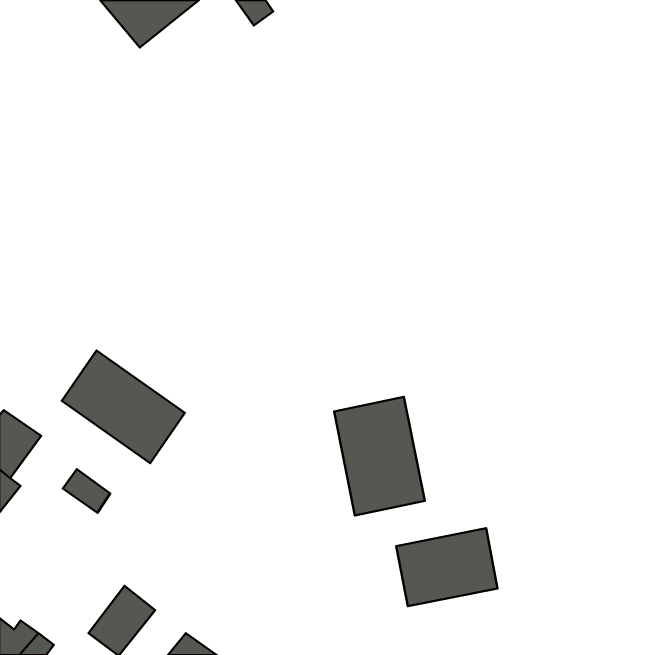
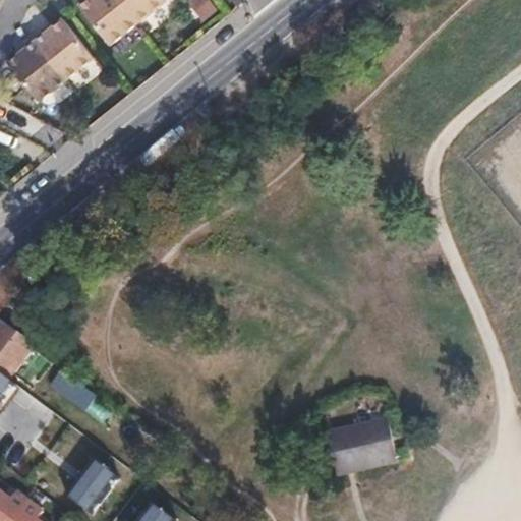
building: none -> [8,12,94,94]
building: [62,350,185,463] -> none
building: [334,397,425,516] -> none

